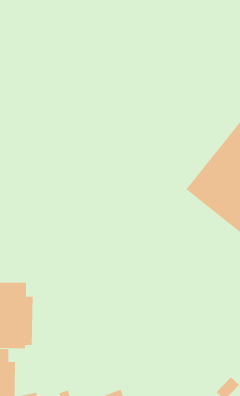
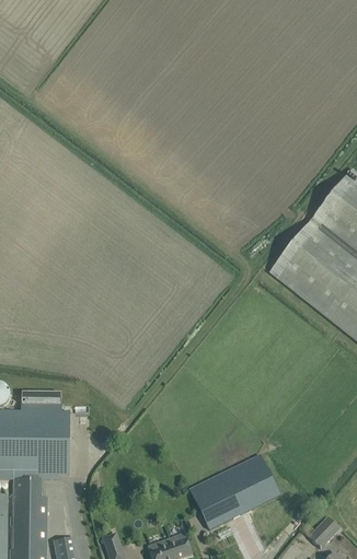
building: none -> [189,454,279,528]

